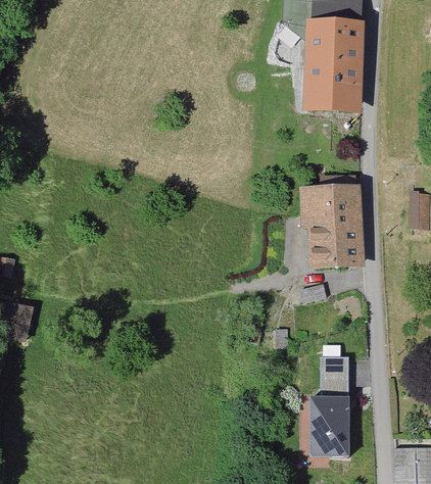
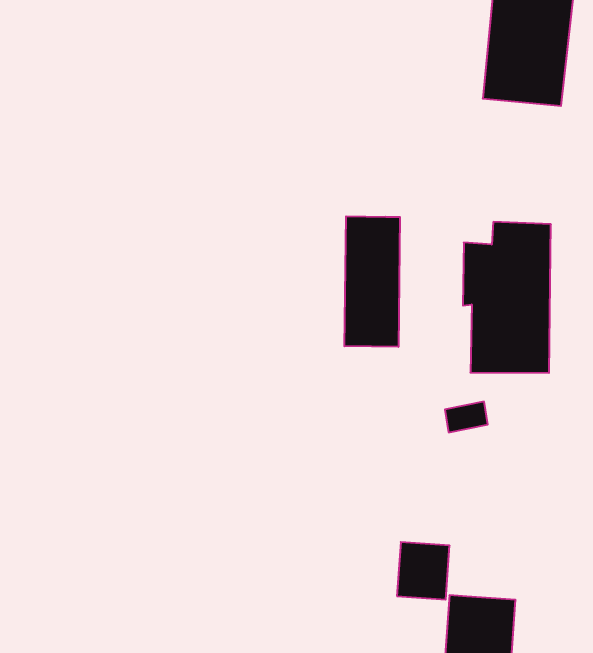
building: none -> [344,216,400,347]
building: [321,356,349,388] -> [397,542,450,600]

